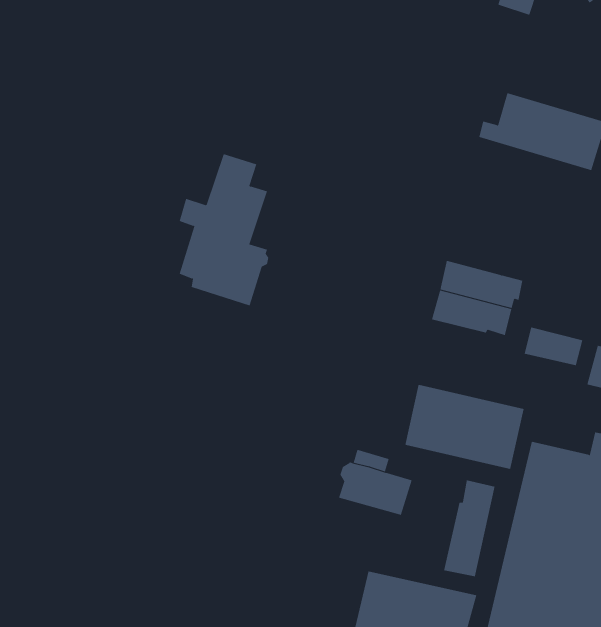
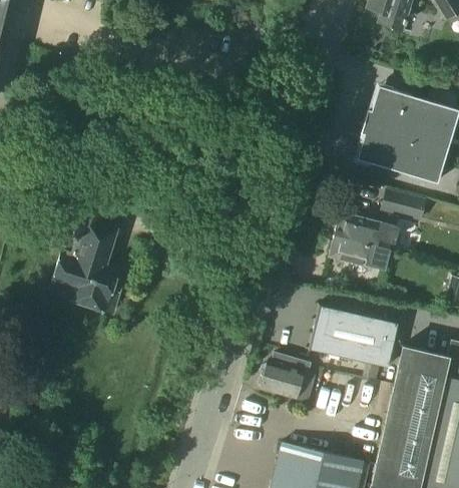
building: none -> [358,121,449,183]
building: [179,153,269,306] -> [52,196,119,310]
building: [524,327,583,366] -> [382,190,426,219]
building: [443,480,495,577] -> none

